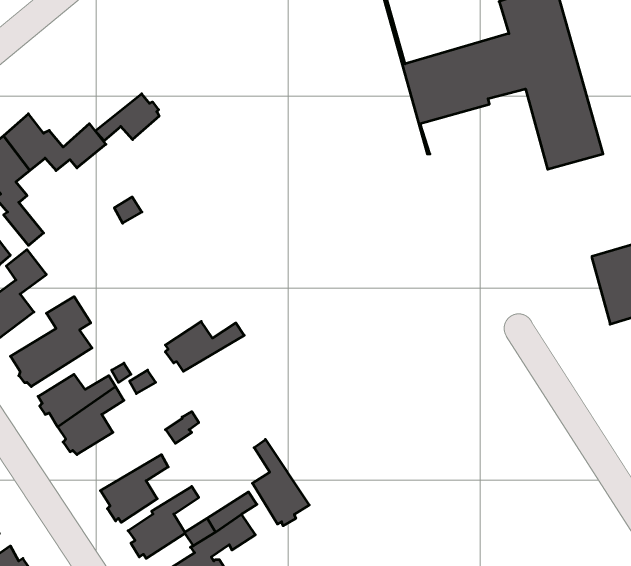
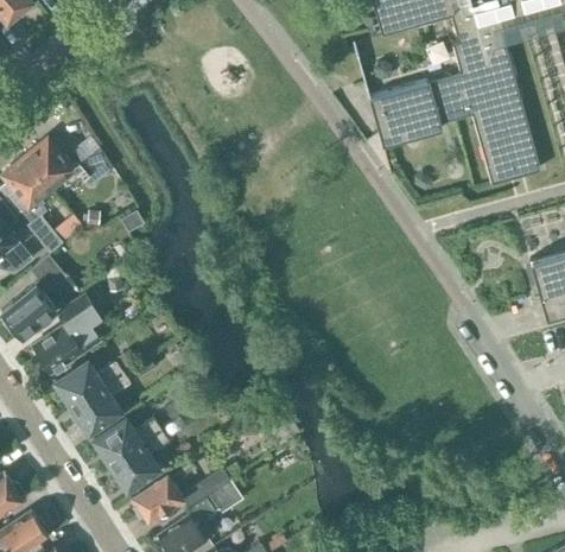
building: [95,94,159,141] -> none
building: [165,321,244,371] -> [94,420,161,463]
building: [252,439,309,526] -> none

